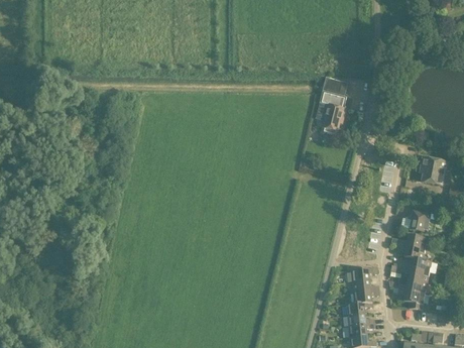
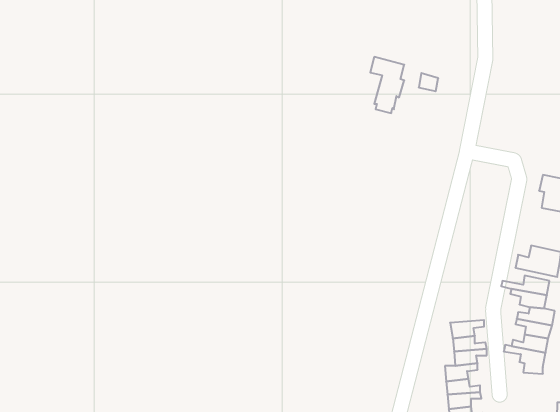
building: [319,91,345,134] -> [370,57,404,113]

